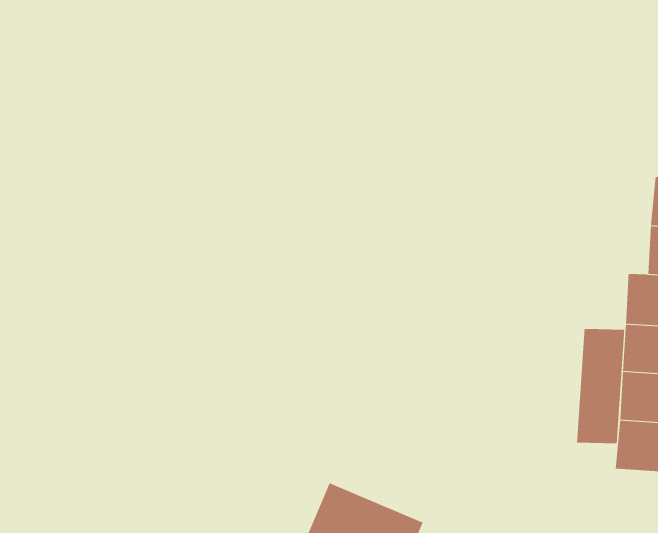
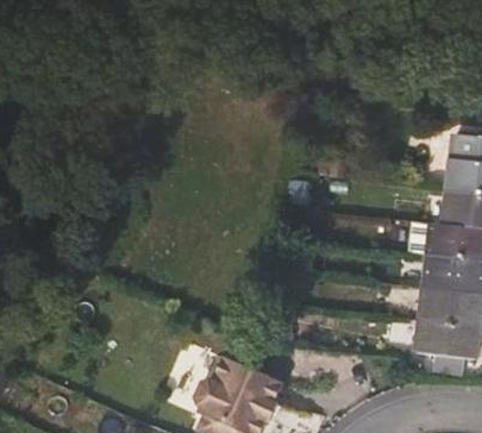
building: [577,328,625,444] -> none

